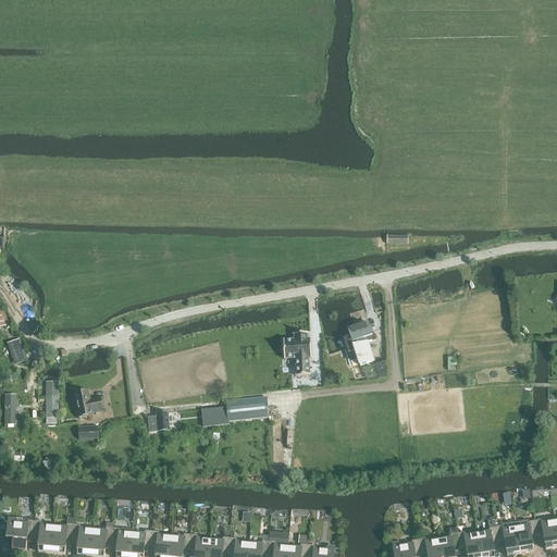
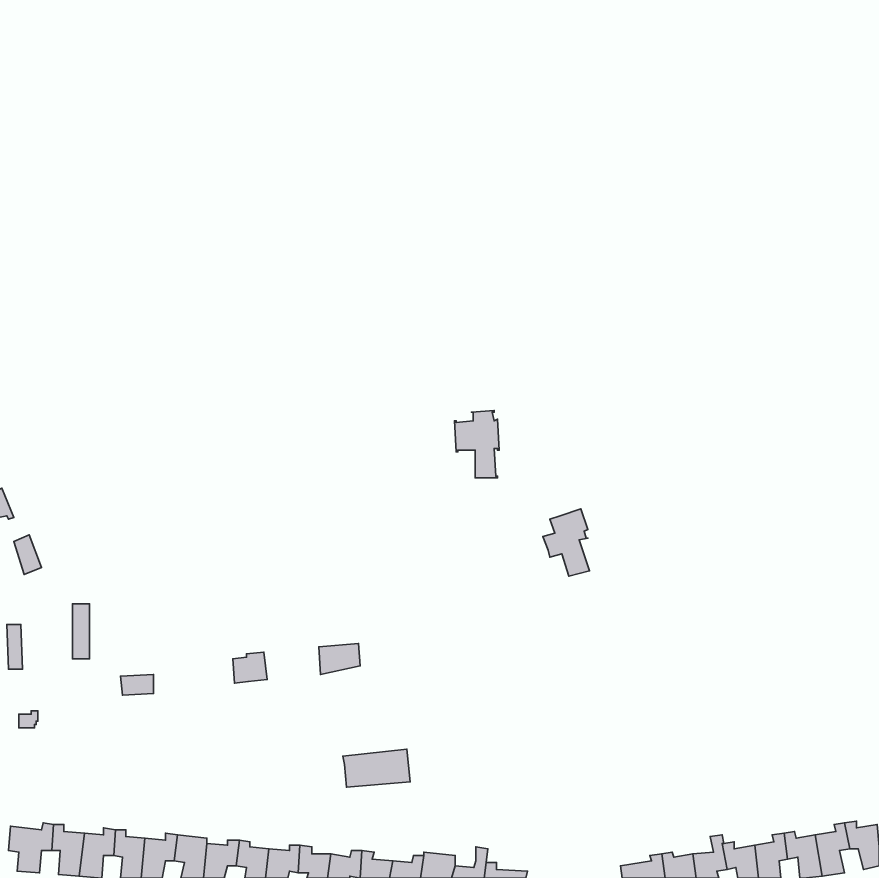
building: [282,332,310,374] -> [454,410,499,478]
building: [73,389,101,416] -> none
building: [225,396,268,420] -> [343,749,410,787]

